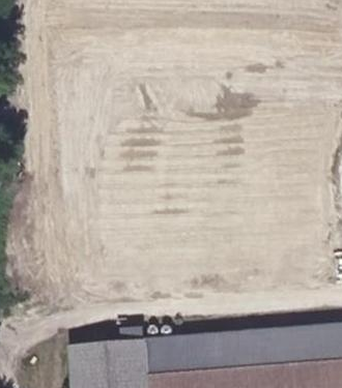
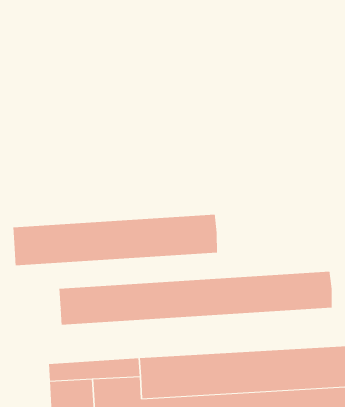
building: none -> [13,214,218,266]
building: none -> [59,271,332,325]

